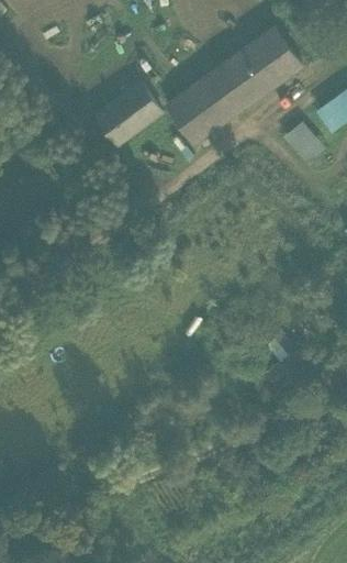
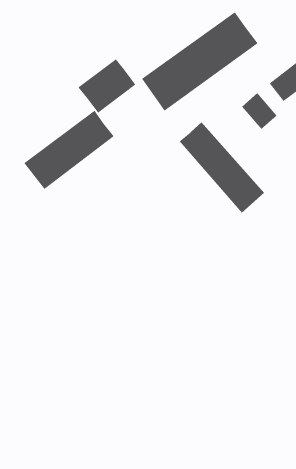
building: none -> [24,110,114,190]
building: none -> [179,122,265,213]

